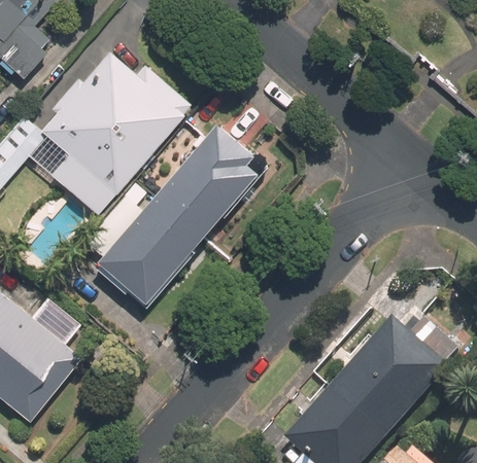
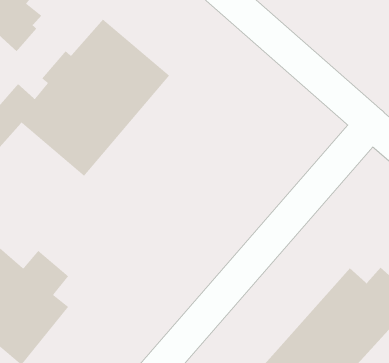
building: [90,123,265,311] -> none

